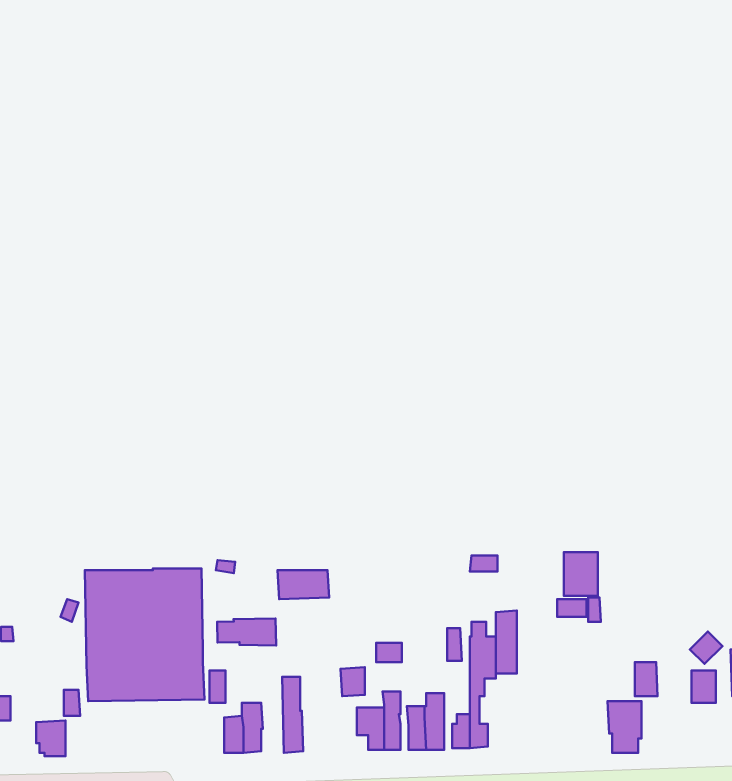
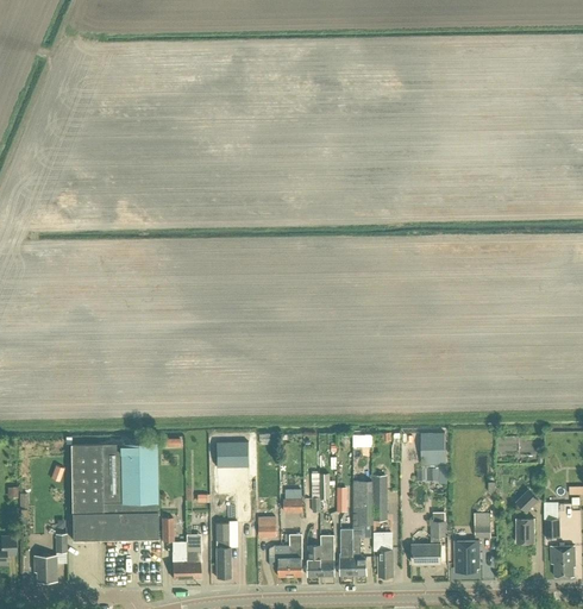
building: [217,618,276,645] -> none
building: none -> [412,513,445,565]
building: none -> [374,532,393,577]

